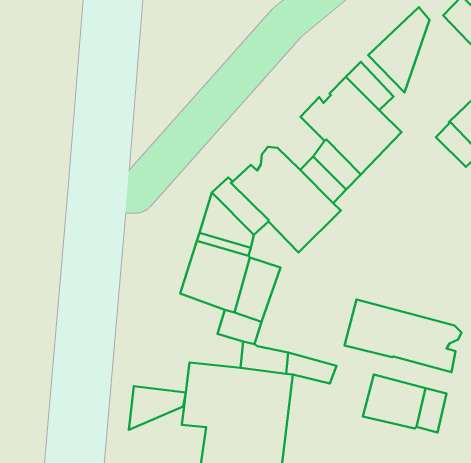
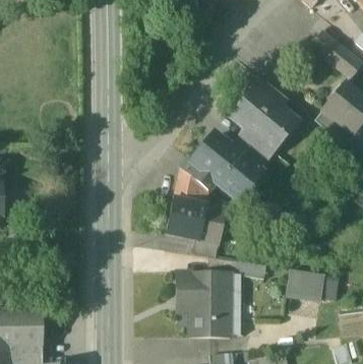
building: [368,7,429,93] -> none
building: [344,300,461,372] -> none
building: [129,386,186,430] -> none

